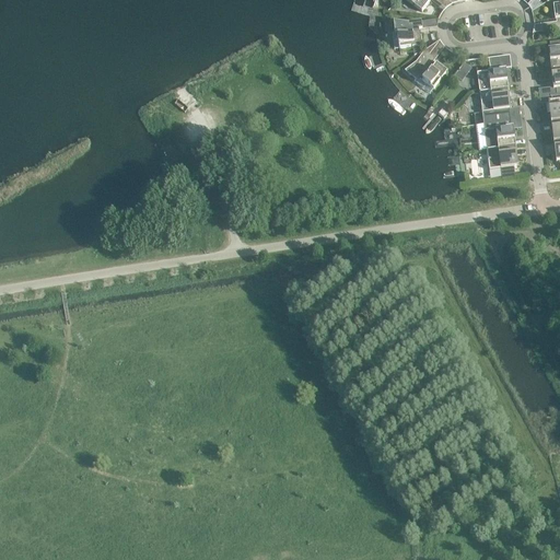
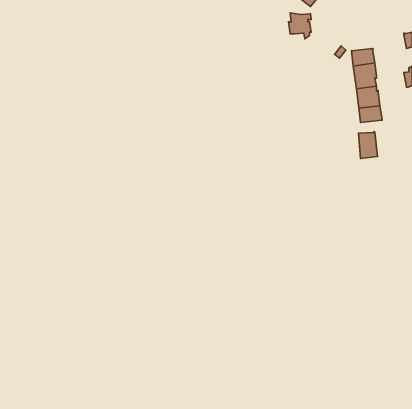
building: [405,47,447,91] -> none
building: none -> [358,132,378,158]

